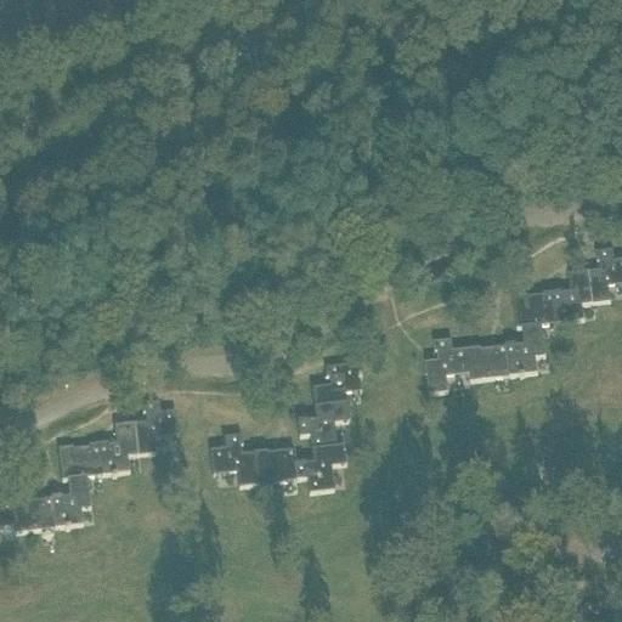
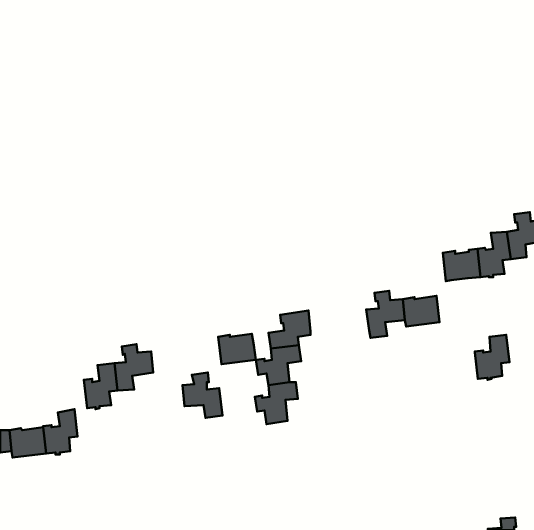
building: [508,322,548,374] -> [475,335,509,380]
building: [60,440,103,477] -> none
building: [256,446,300,481] -> [218,334,256,364]

